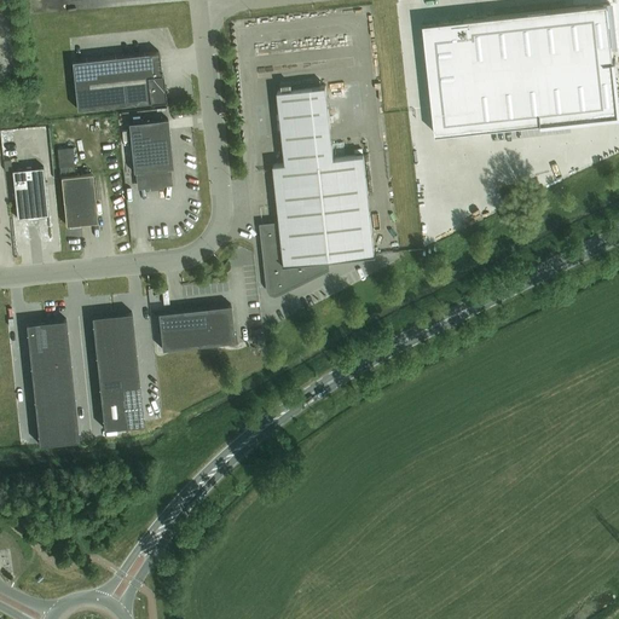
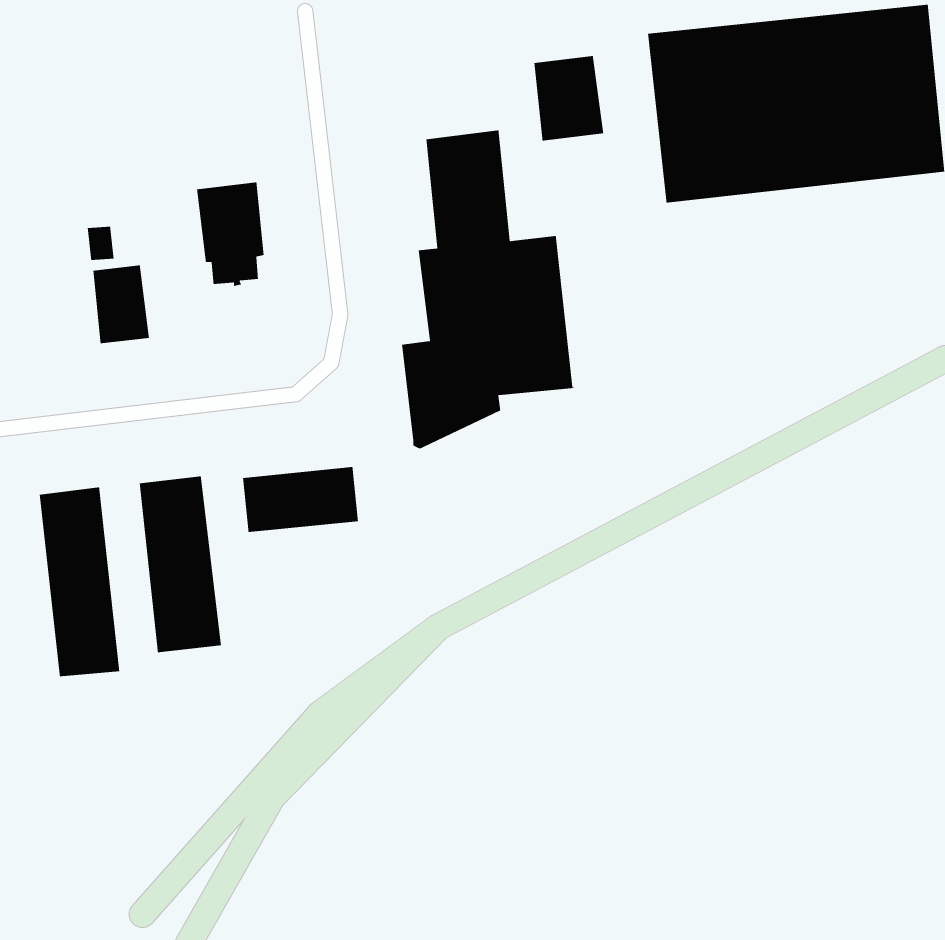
building: none -> [534,55,604,142]
building: [71,54,167,112] -> none
building: [12,169,48,221] -> none

